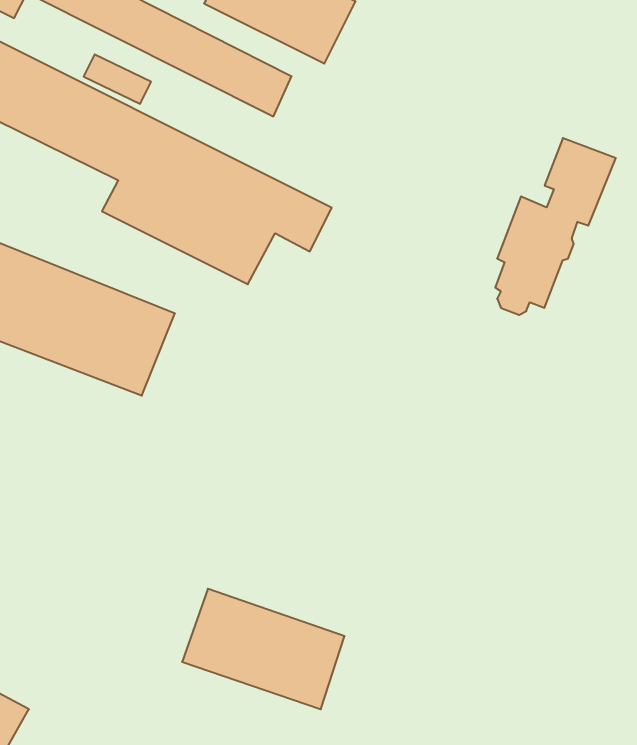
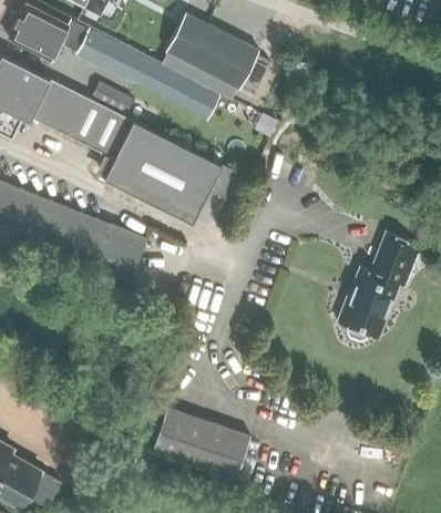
building: [495,138,616,315] -> [347,233,420,340]

